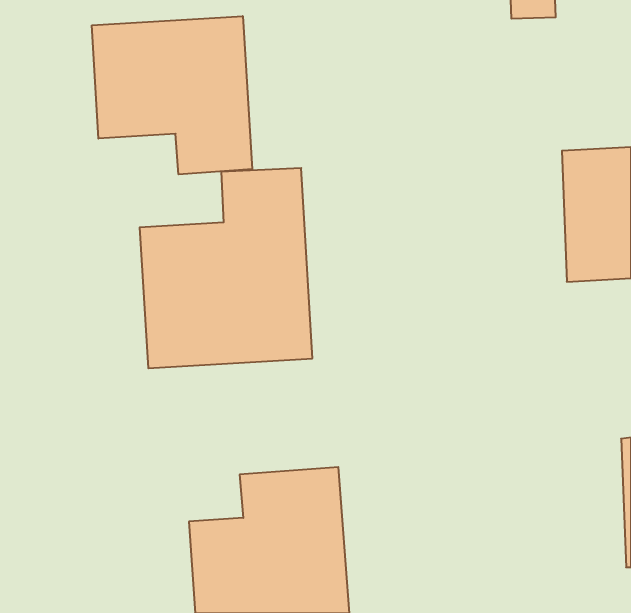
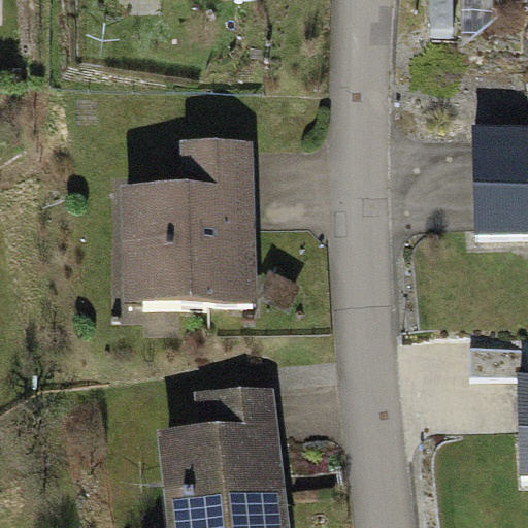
building: [92,16,252,174] -> none

